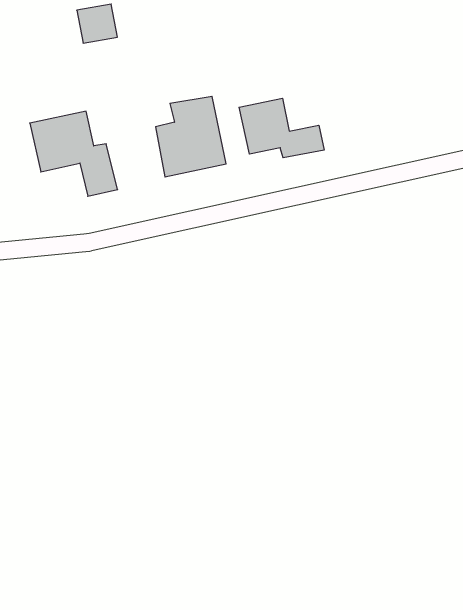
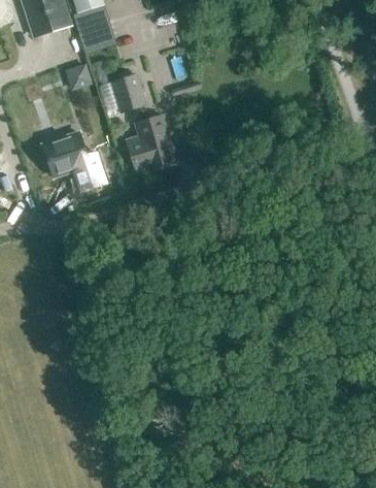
building: none -> [111,70,145,111]
building: [239,98,324,158] -> none

